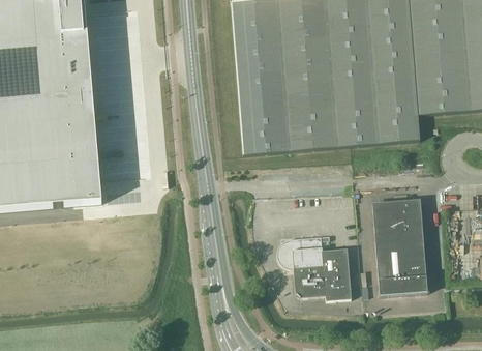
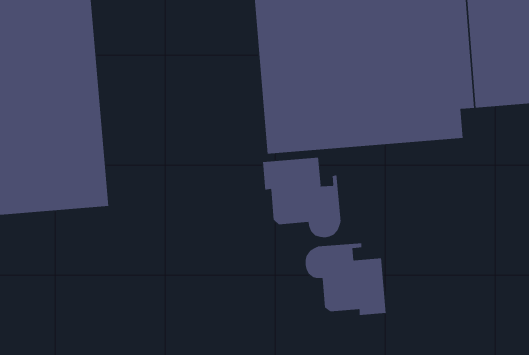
building: none -> [262,157,341,238]
building: [372,198,427,295] -> none

